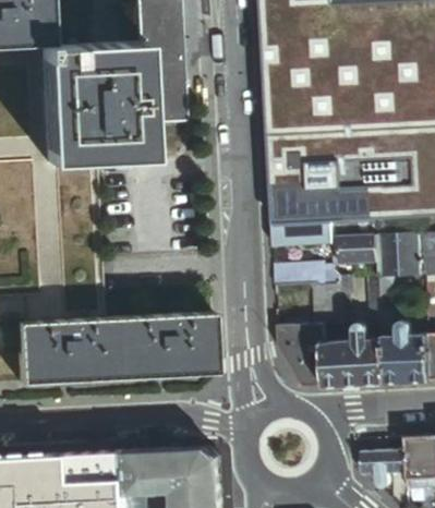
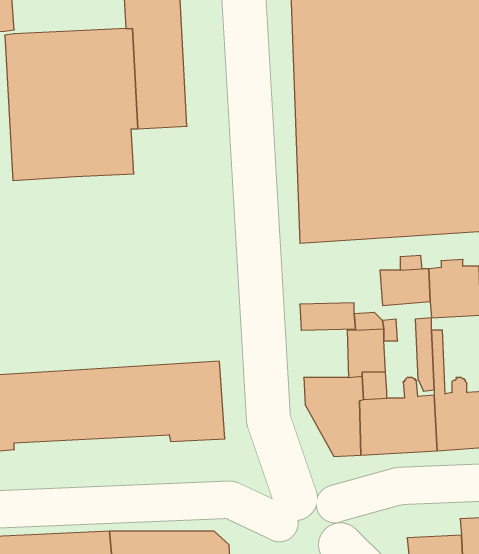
building: [275,222,335,247] -> none

